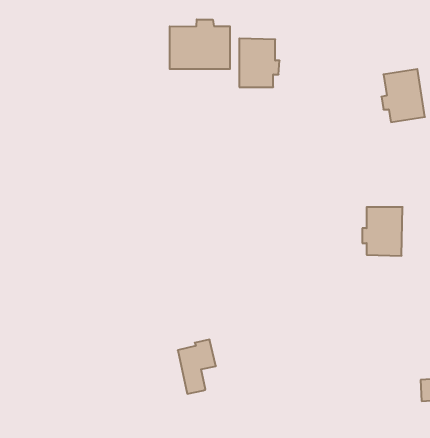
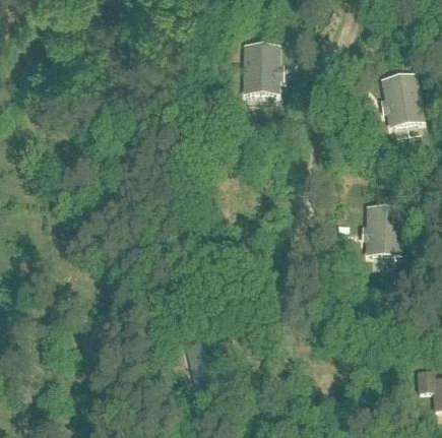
building: [170,19,230,69] -> none

